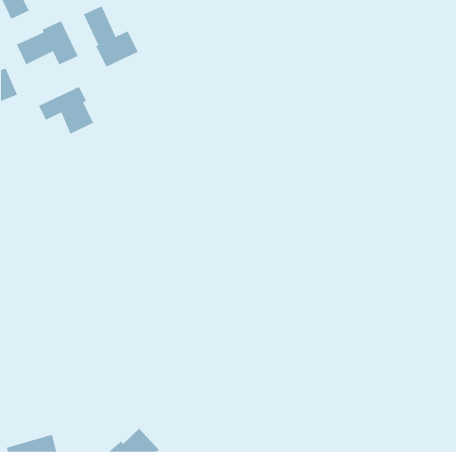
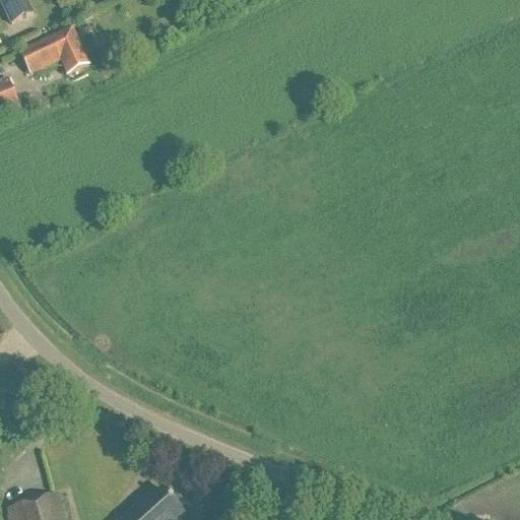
building: [83,5,139,68] -> none
building: [38,86,94,134] -> none

